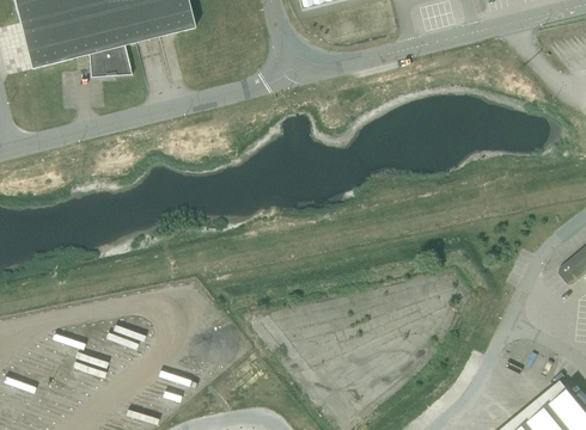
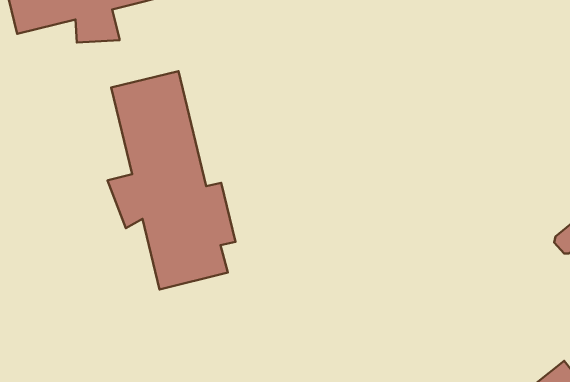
building: none -> [107,71,235,289]

